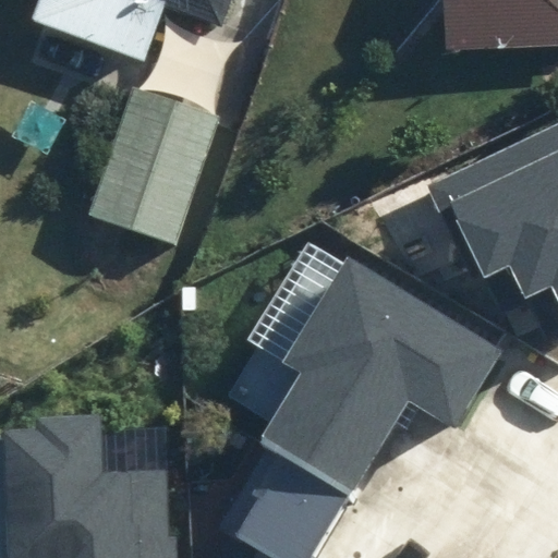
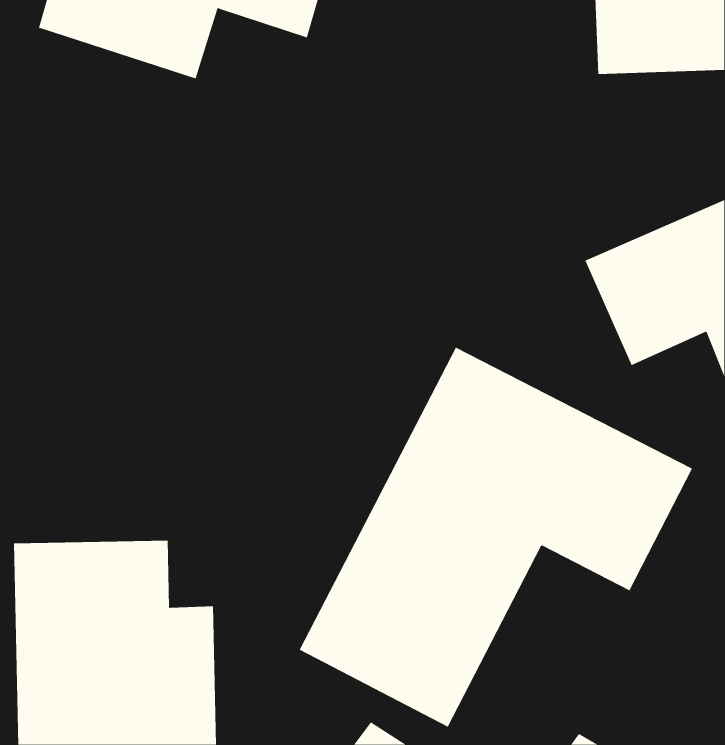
building: [82,76,223,245] -> none

